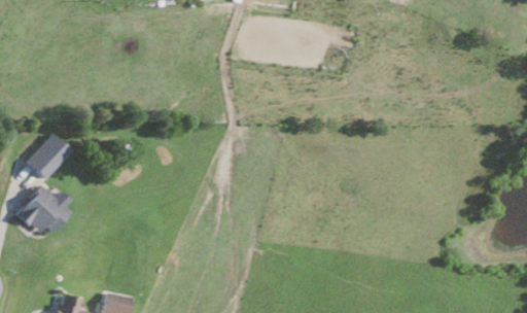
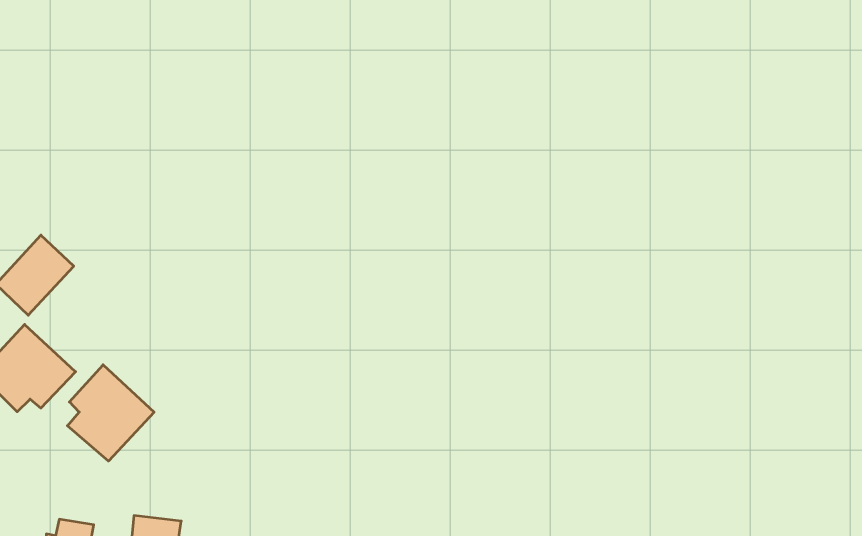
building: none -> [67,365,154,461]

